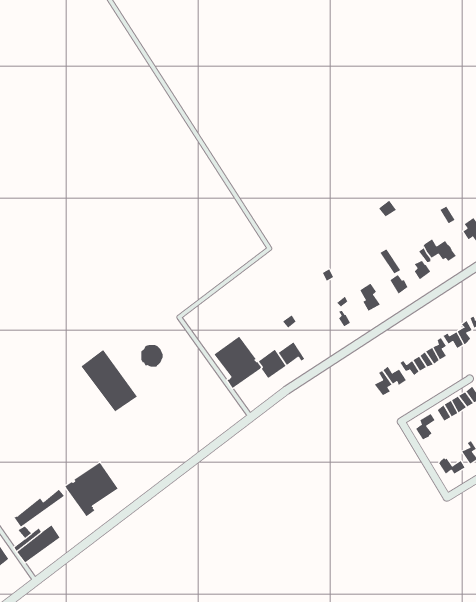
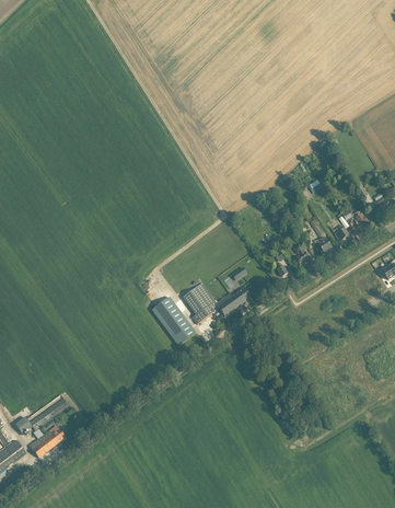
building: [81,349,138,412] -> [151,296,195,344]
building: [65,462,118,517] -> none

